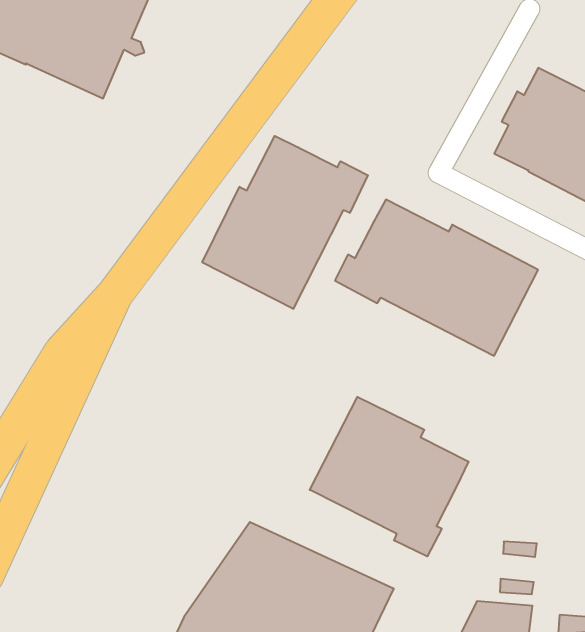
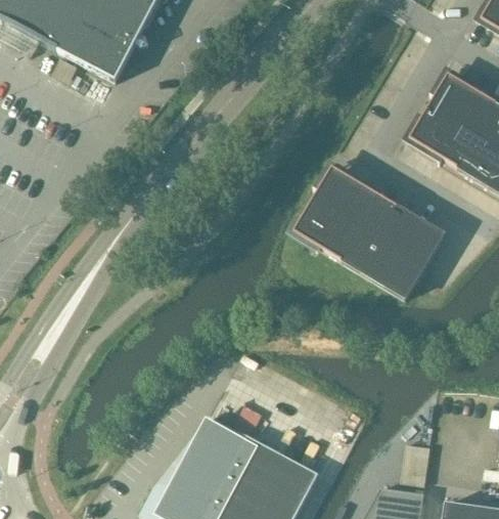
building: [202,136,368,309] -> none
building: [310,397,469,556] -> none

